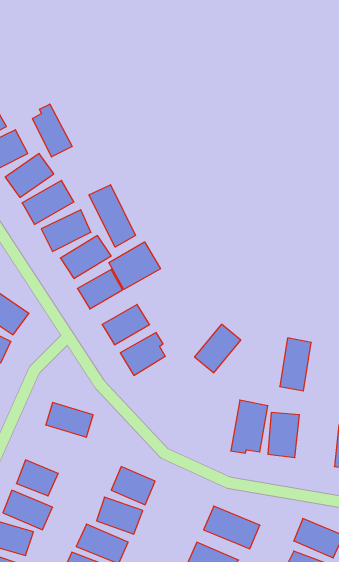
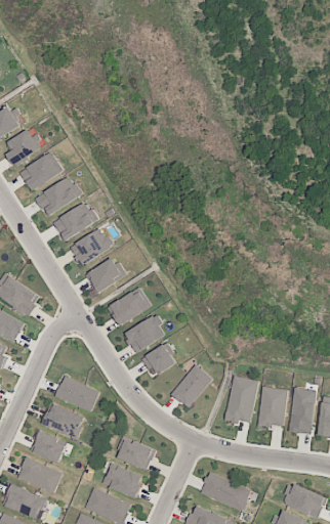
building: [33,104,72,157] -> none
building: [89,185,136,247] -> none
building: [109,242,160,289] -> none
building: [195,324,241,373] -> [170,364,212,408]
building: [280,338,311,391] -> [288,387,317,435]
building: none -> [140,345,175,374]
building: none -> [42,403,85,438]

